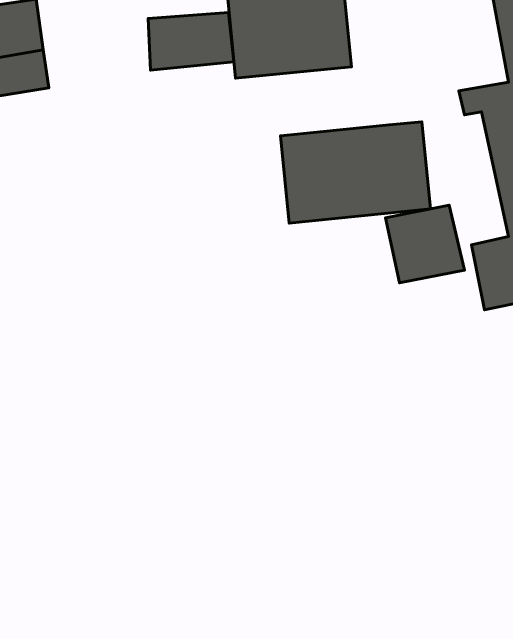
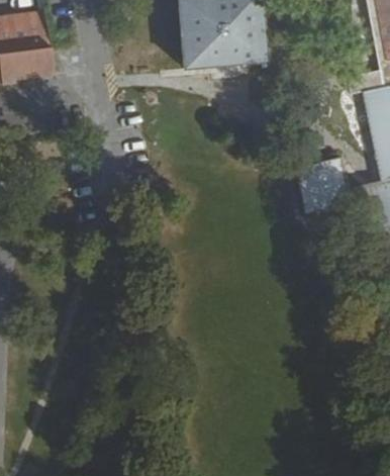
building: [148,13,234,70] -> none
building: [281,122,430,223] -> none

